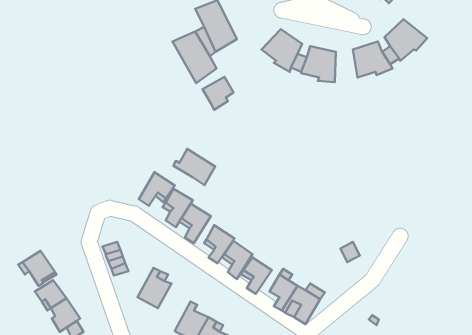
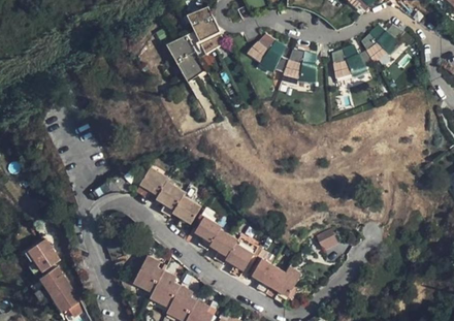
building: [203,77,234,110] -> none
building: [173,149,215,185] -> none
building: none -> [153,271,182,308]

